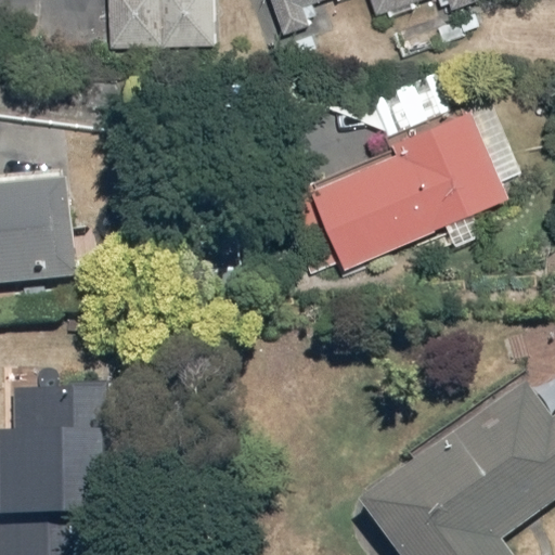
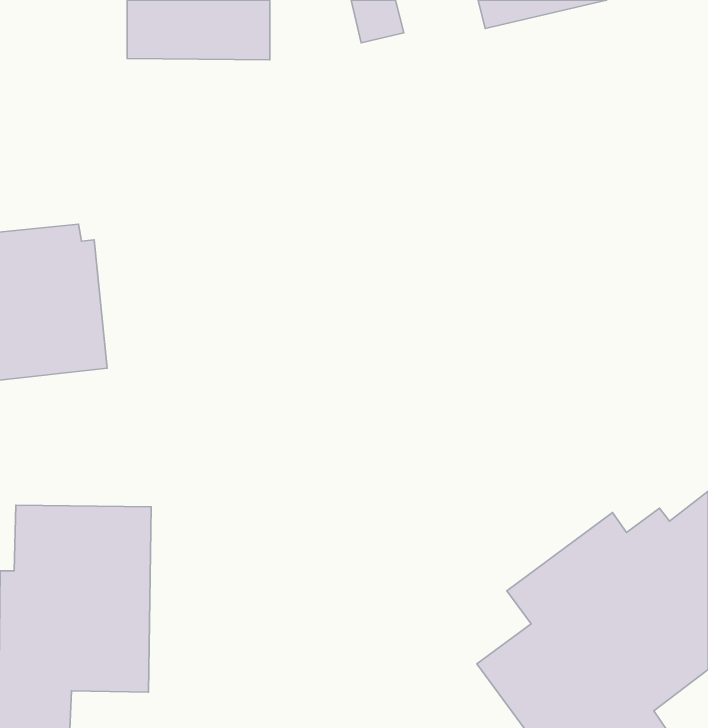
building: [310,96,527,264] -> none

